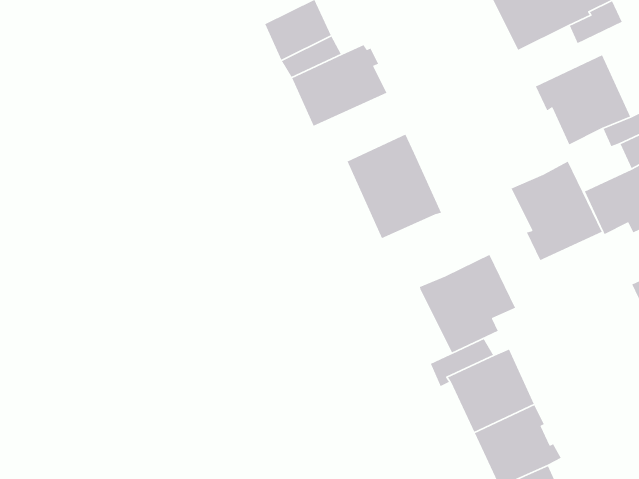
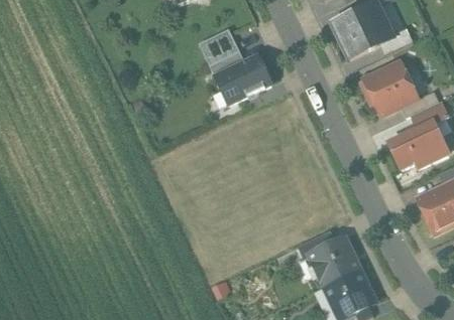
building: [347,134,442,239] -> none
building: [511,160,603,261] -> none
building: [419,254,516,354] -> none

